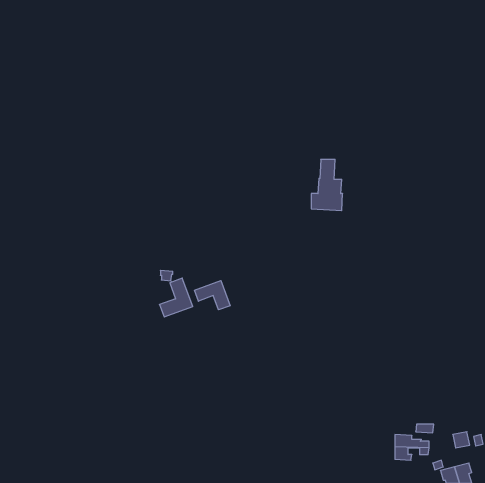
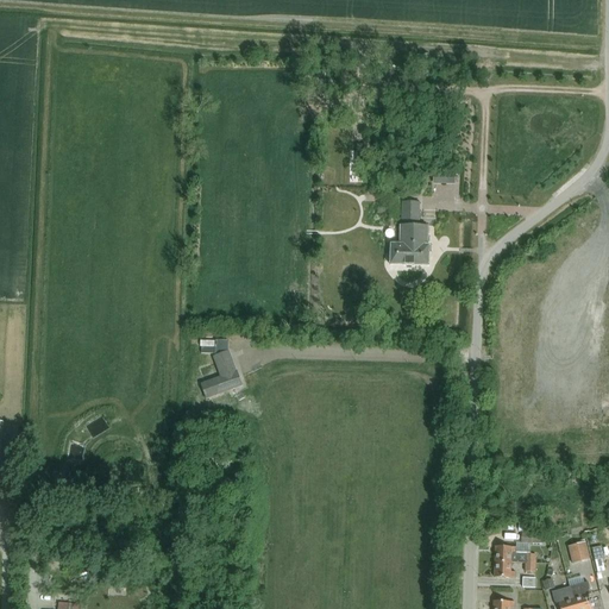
building: [195,281,230,310] -> none

